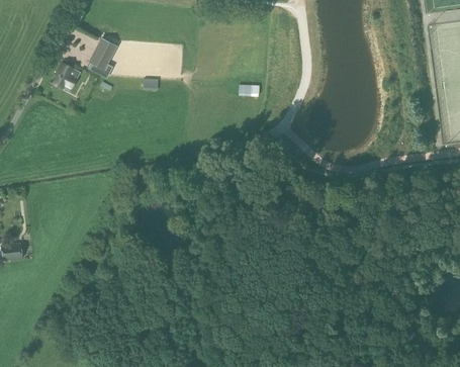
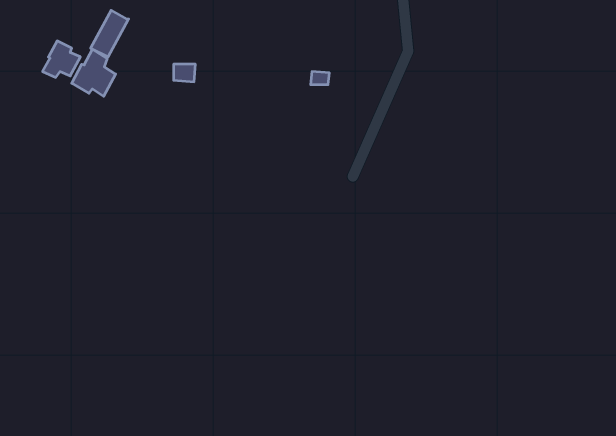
building: none -> [72,49,116,96]

